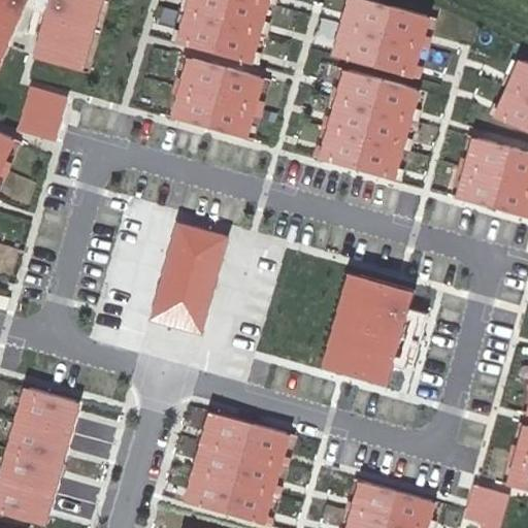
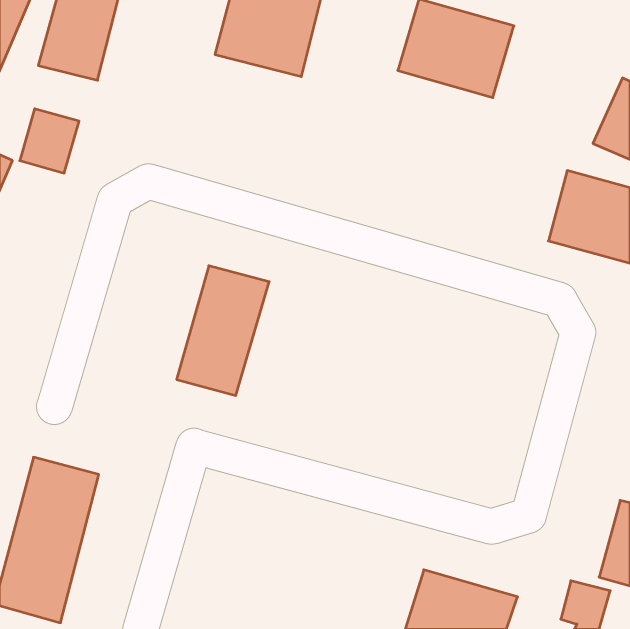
building: [172,62,264,141] -> none
building: [320,74,418,182] -> none
building: [327,274,411,381] -> none
building: [187,408,288,515] -> none

